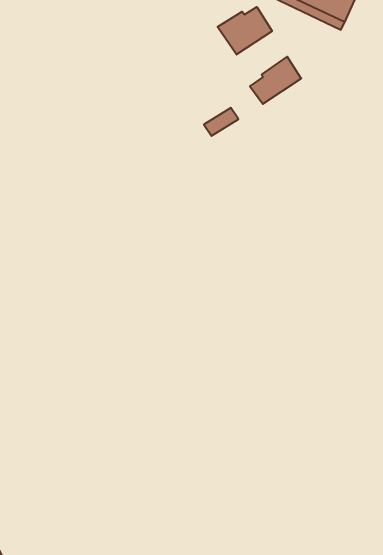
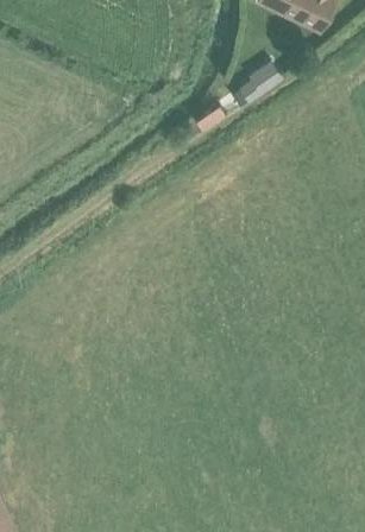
building: [218,7,272,55] -> none

